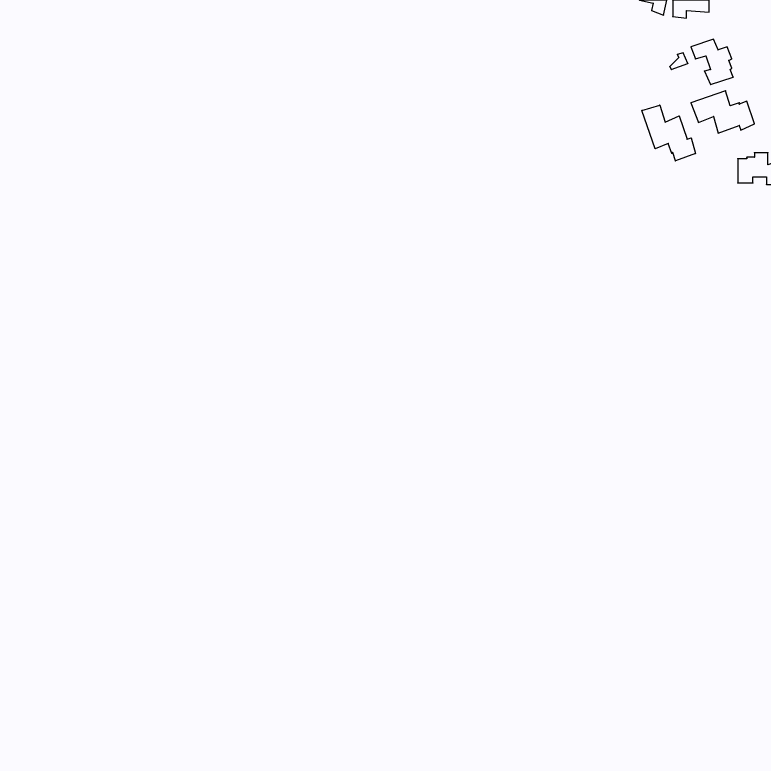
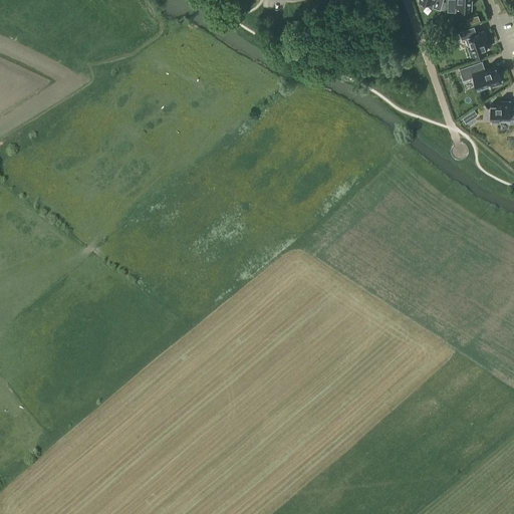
building: [642,105,695,161] -> none

